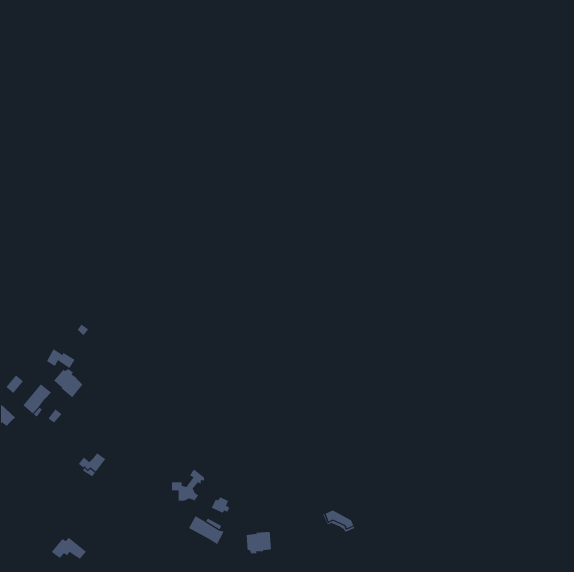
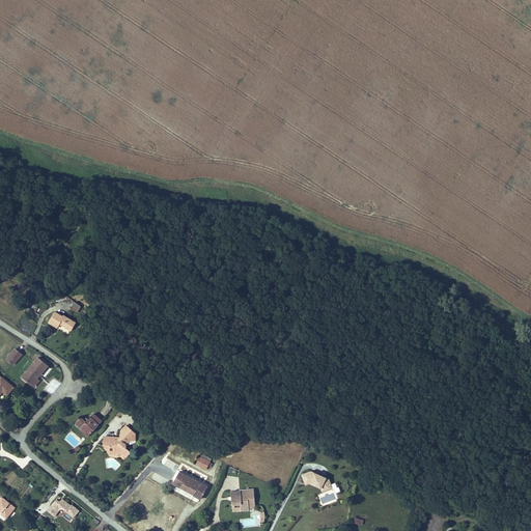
building: [54,368,83,398] -> none
building: [171,468,205,501] -> [103,425,134,455]

